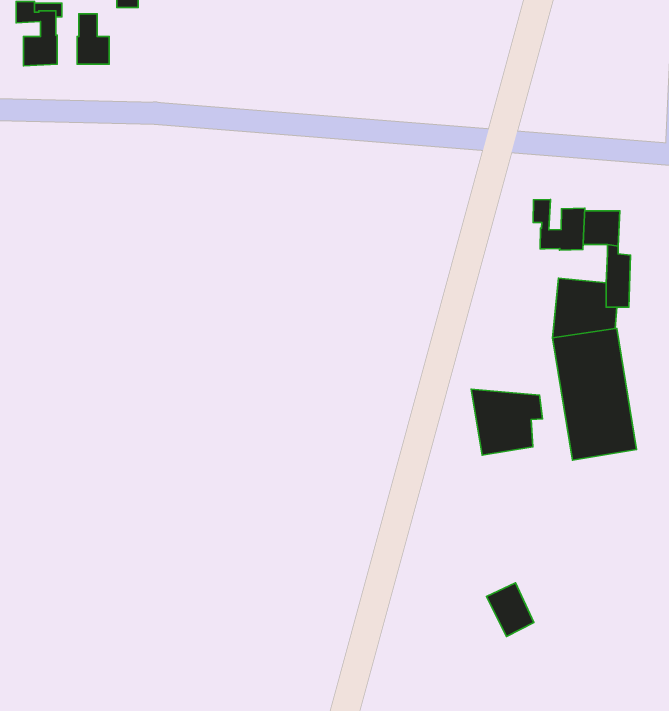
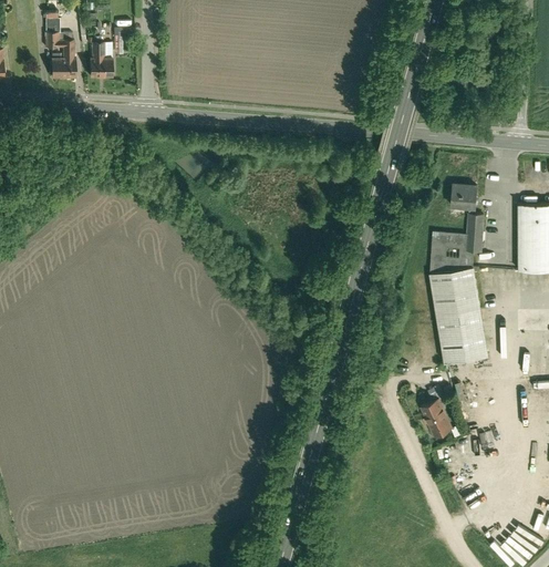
building: [533,200,585,250] -> none
building: [471,389,543,455] -> none
building: [487,583,534,636] -> [418,399,453,437]

